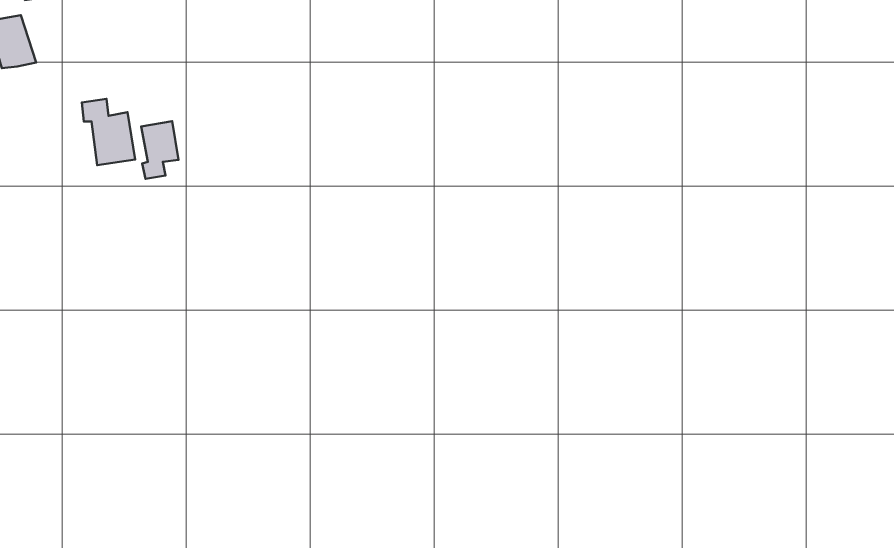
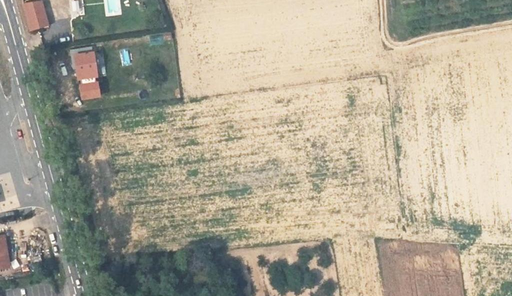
building: [141,121,178,179] -> none

